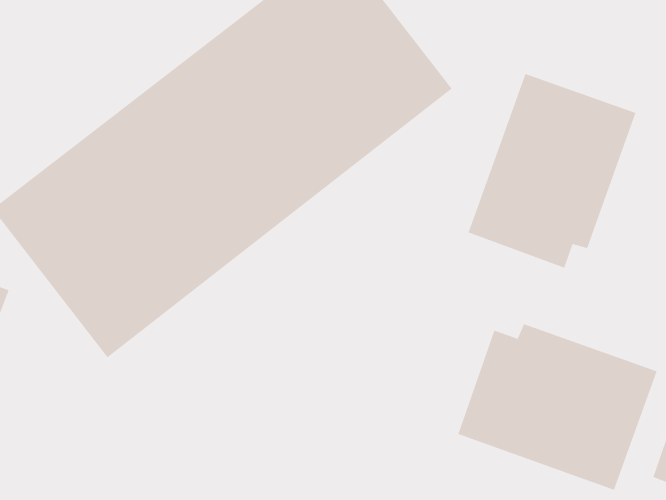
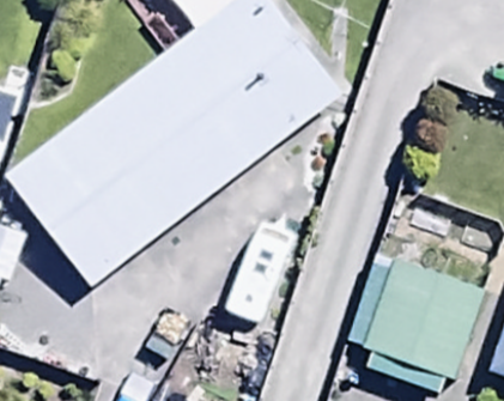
building: [468,73,636,268] -> none

